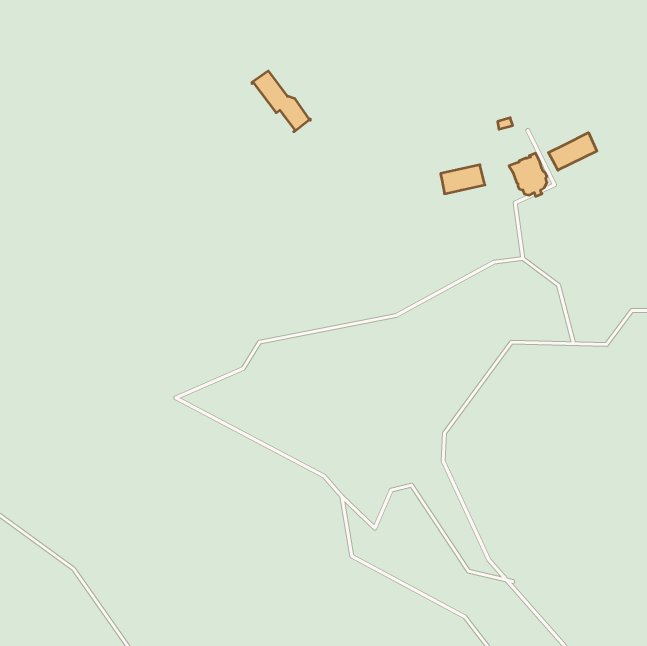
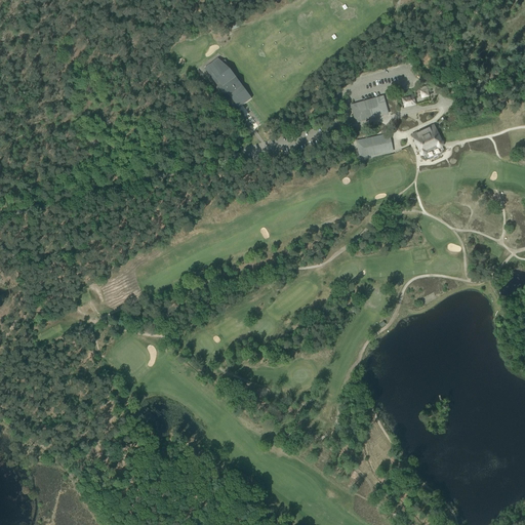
building: none -> [352,95,388,121]
building: [548,133,597,170] -> none

